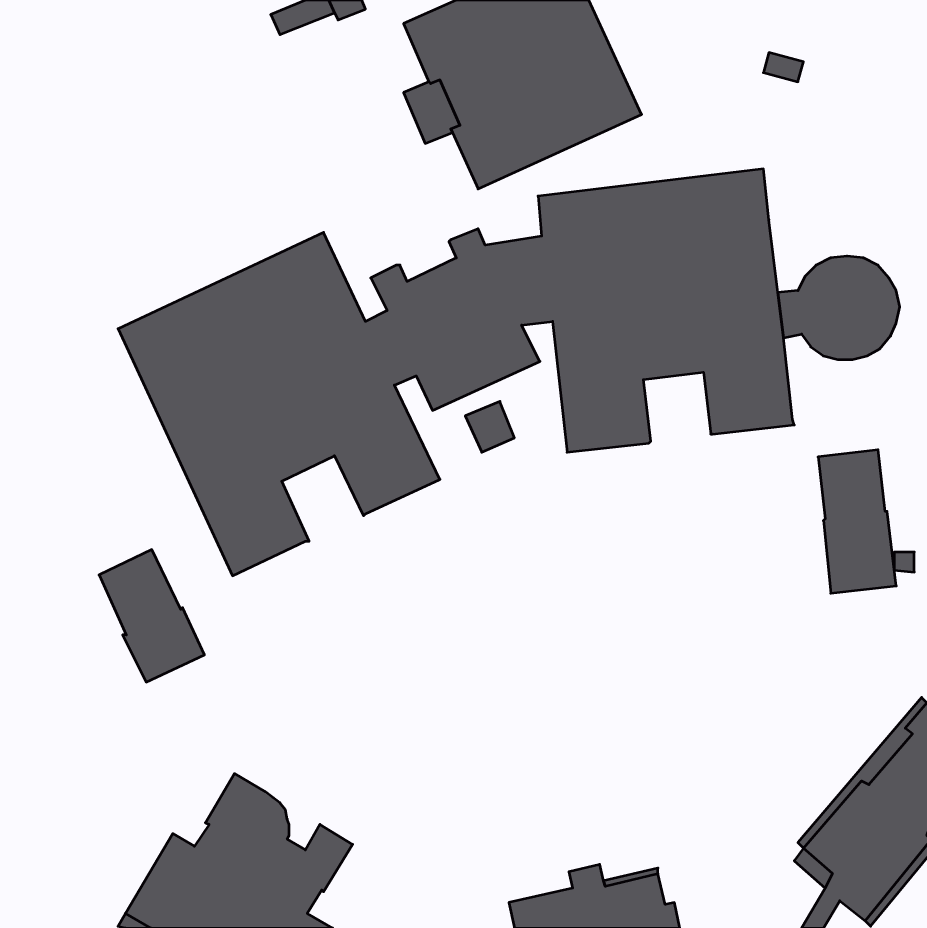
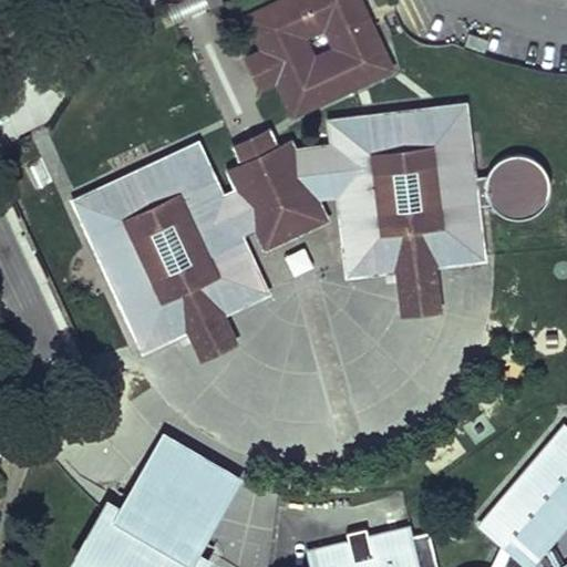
building: none -> [235,131,279,172]
building: [818,450,896,593] -> [393,227,441,315]
building: [99,550,204,682] -> [173,278,237,359]
building: none -> [144,439,236,518]

